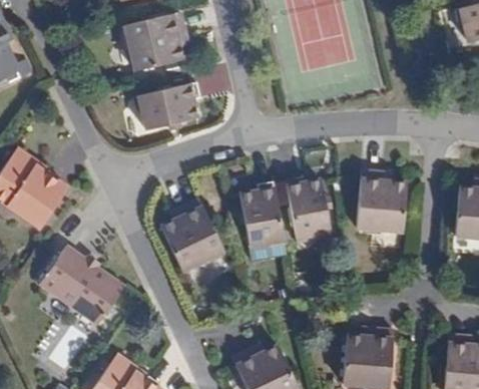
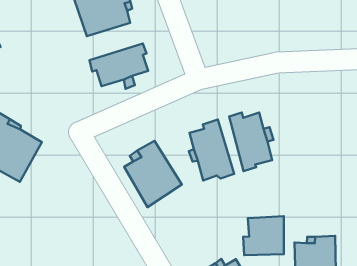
building: [356,169,408,236] -> none
building: [40,244,125,325] -> none
building: none -> [243,216,284,255]

